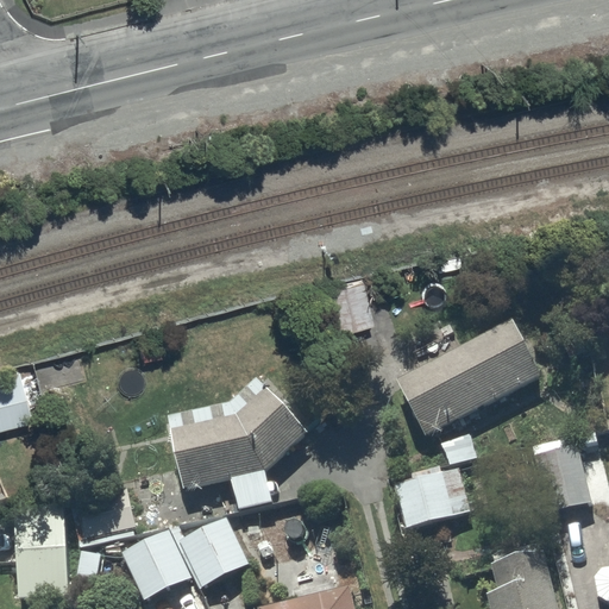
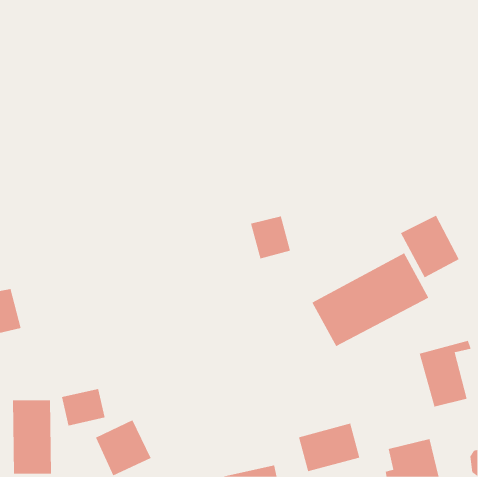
building: none -> [400,215,460,278]
building: [165,378,307,510] -> none
building: [391,466,470,528] -> [298,423,360,472]
building: [177,517,249,588] -> none

